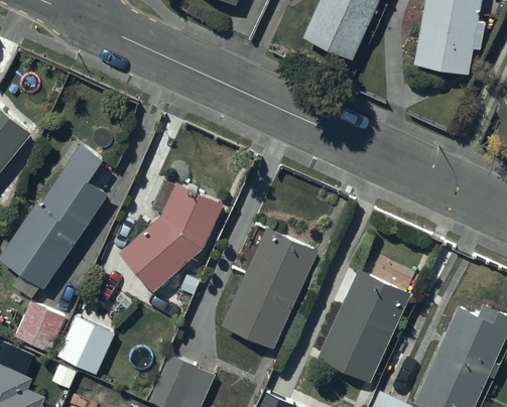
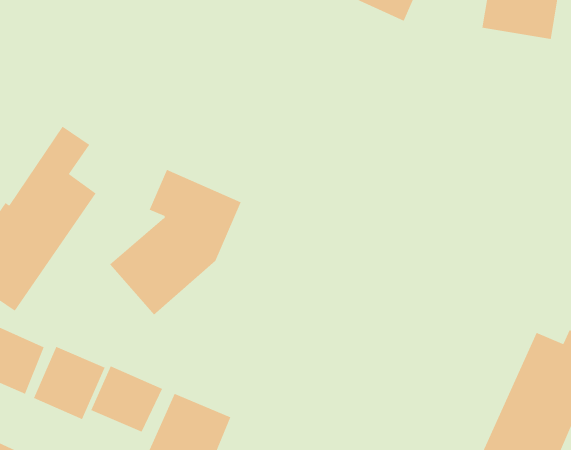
building: [222,227,319,349] -> none
building: [316,268,411,383] -> none
building: none -> [91,365,163,432]

